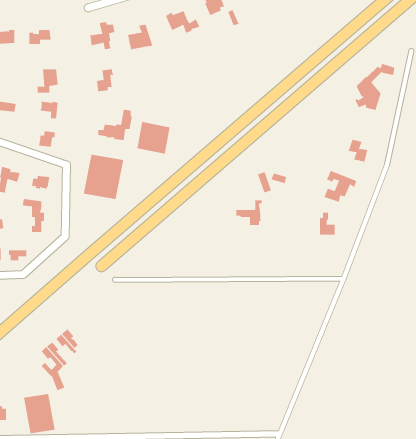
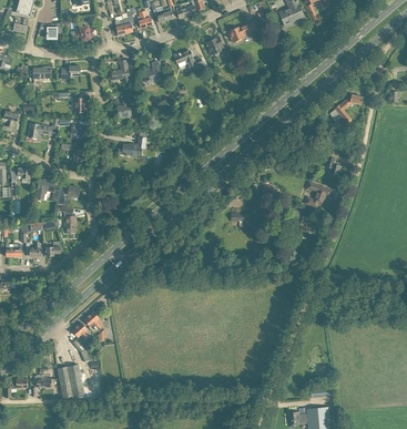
building: [137,121,170,155] -> none
building: [83,154,124,200] -> none

